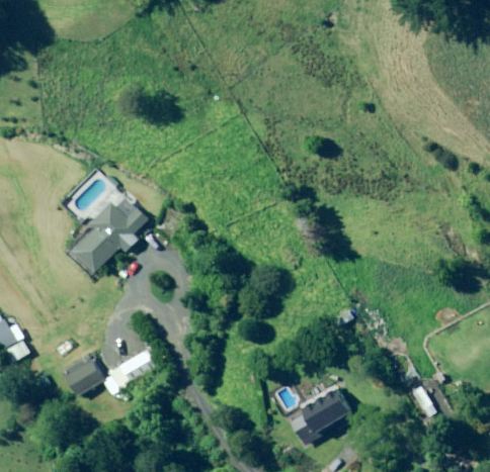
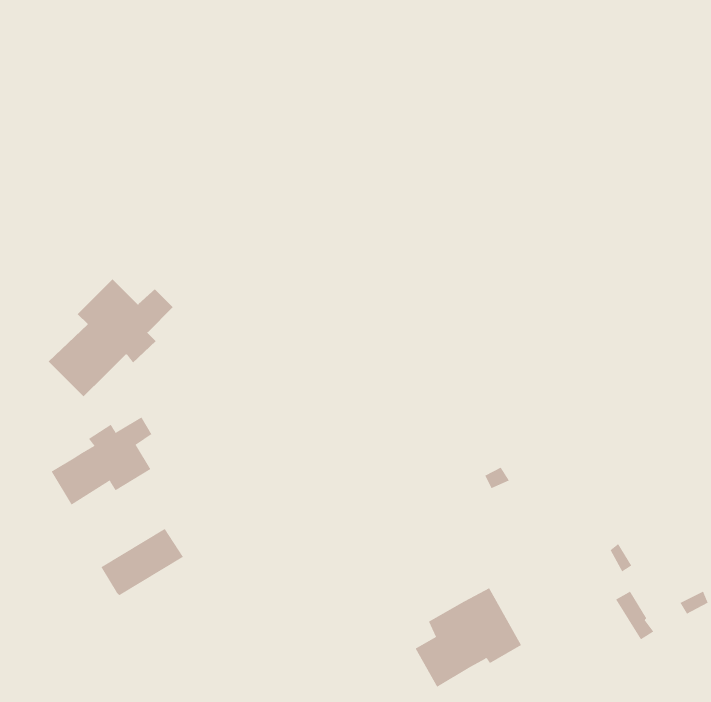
building: none -> [51,416,152,505]
building: [61,355,103,396] -> none

